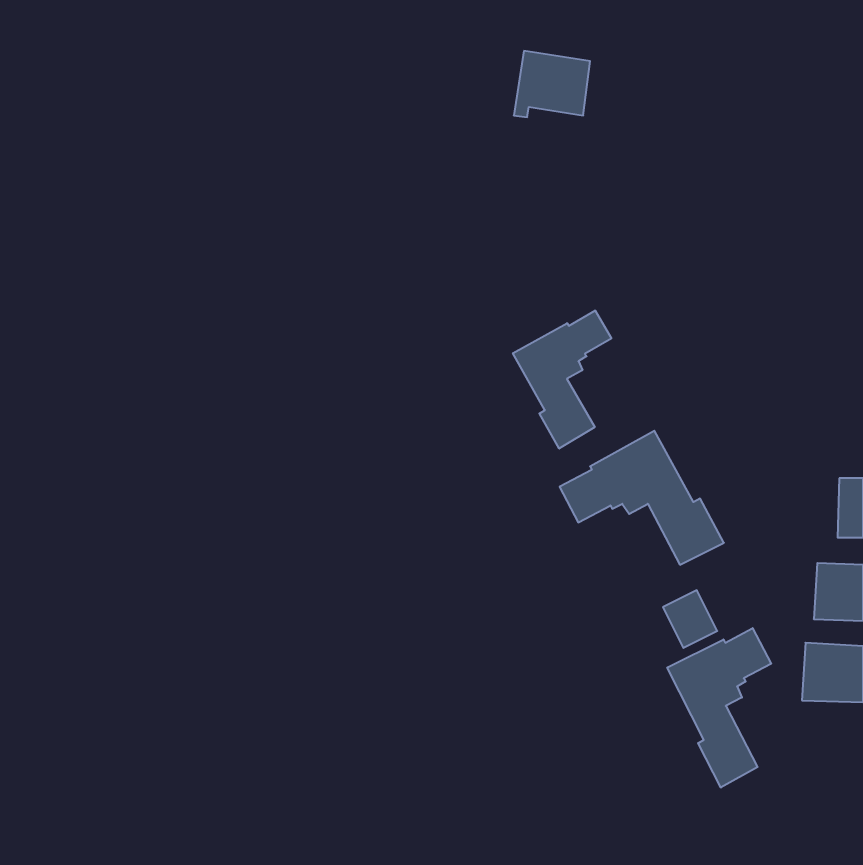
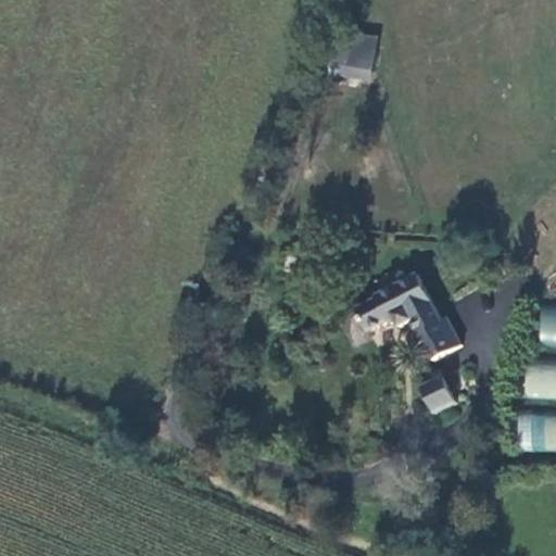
building: [513,310,611,449] -> none
building: [667,628,771,788] -> none

